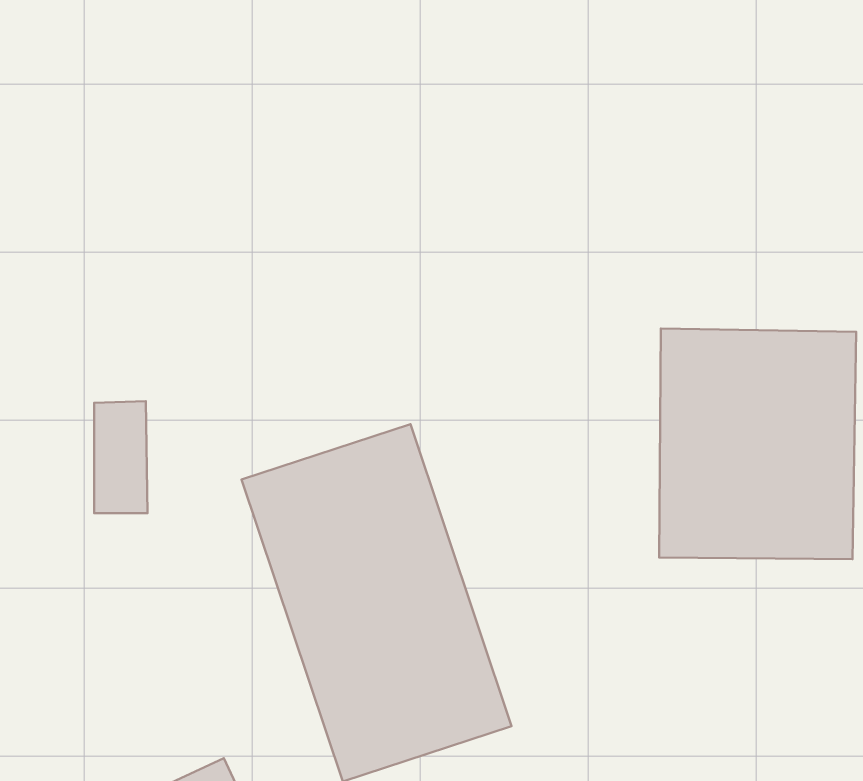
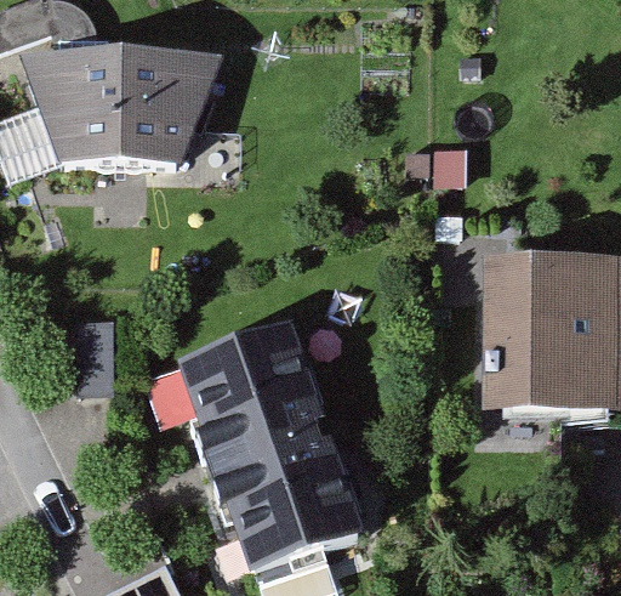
building: none -> [25,49,234,160]

